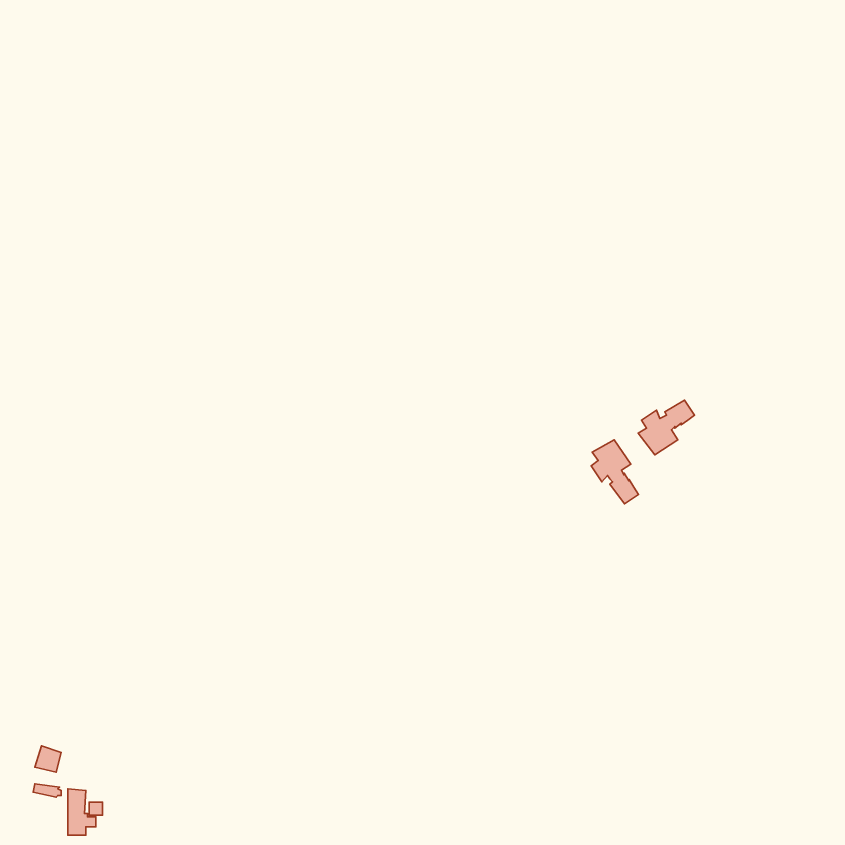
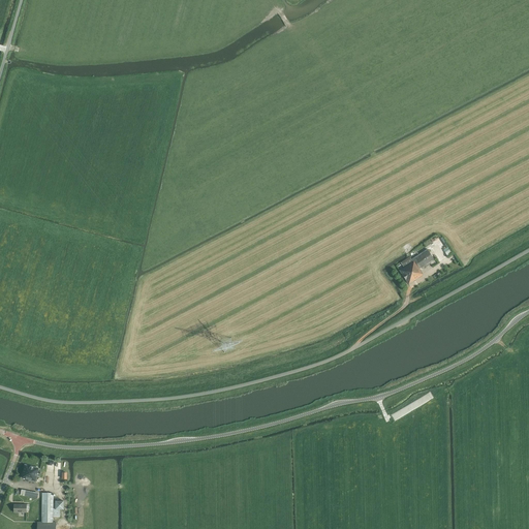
building: [591,440,638,504] -> none

